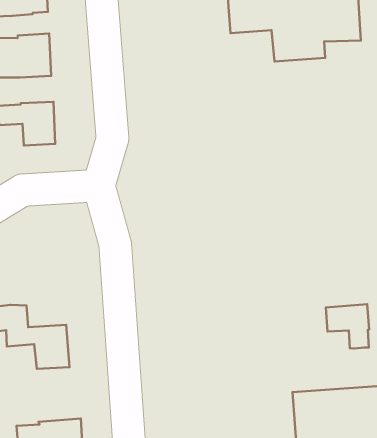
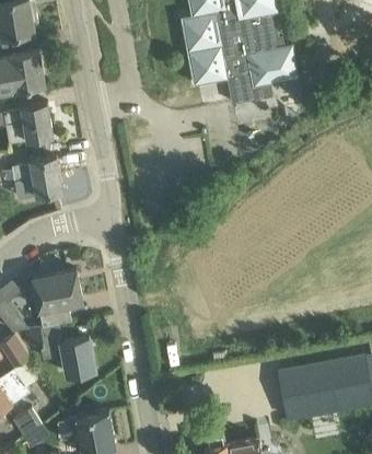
building: none -> [32,270,81,326]
building: [326,304,369,348] -> none

